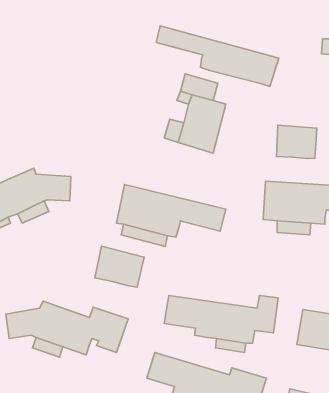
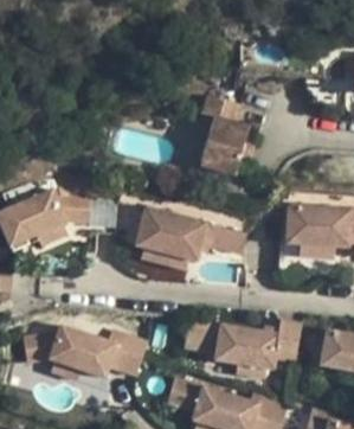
building: [156,26,279,86] -> none
building: [276,125,317,159] -> none
building: [95,246,144,287] -> none

